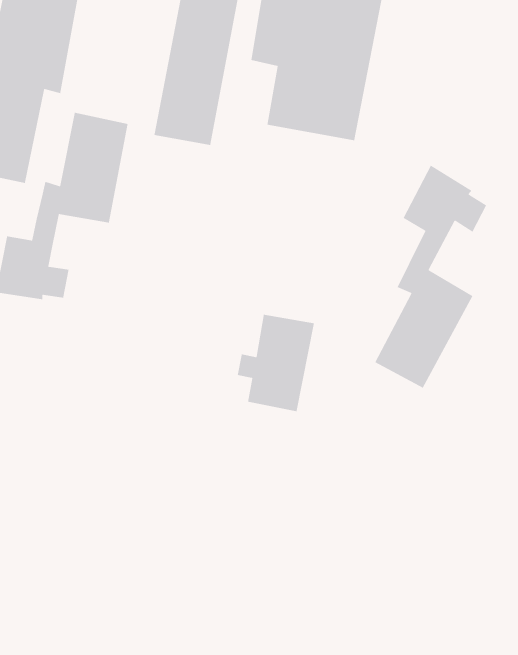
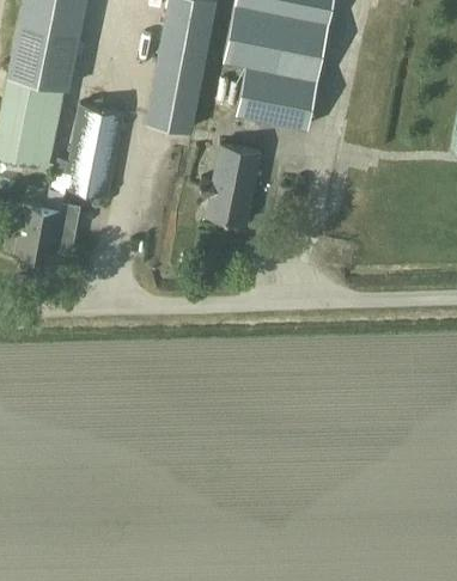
building: [374,164,487,389] -> none
building: [237,314,315,412] -> [197,145,261,225]

